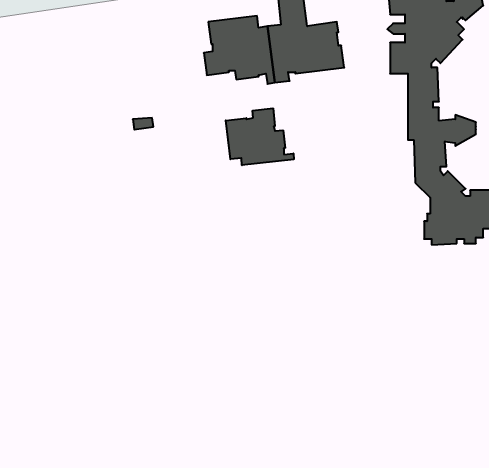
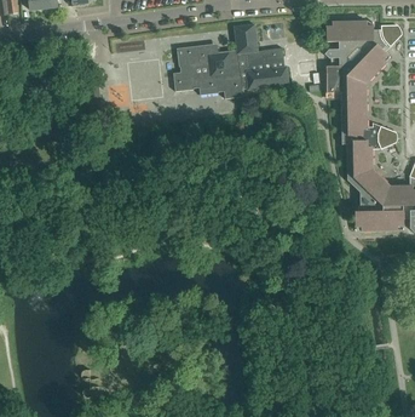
building: [226,108,294,165] -> none

